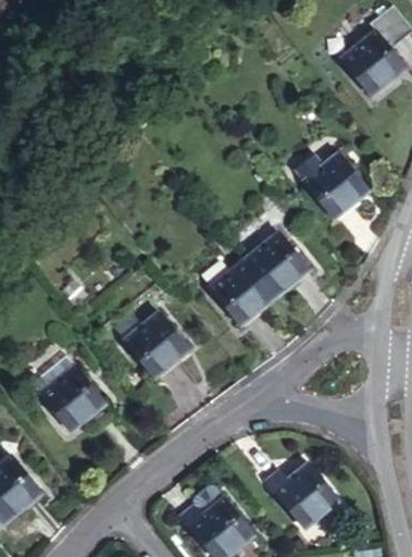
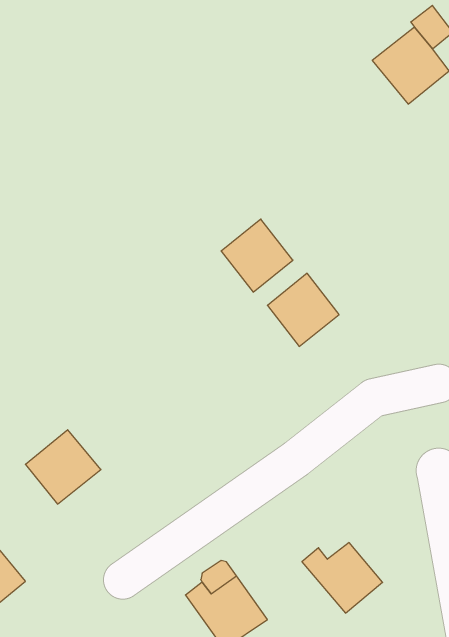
building: [303,153,364,215] -> none
building: [213,262,274,324] -> [221,219,293,292]
building: [123,312,190,379] -> none

